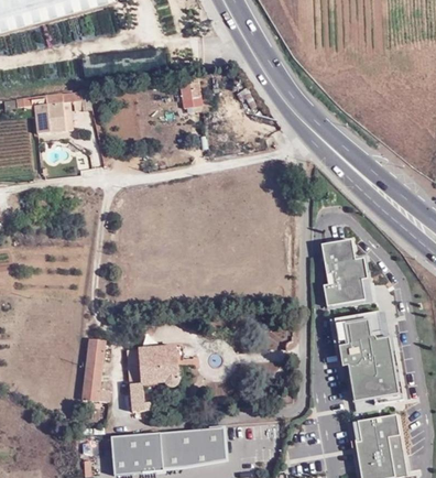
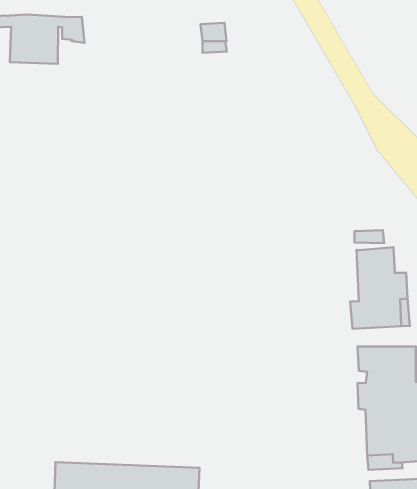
building: [85,335,113,395] -> none
building: [130,341,182,408] -> none

